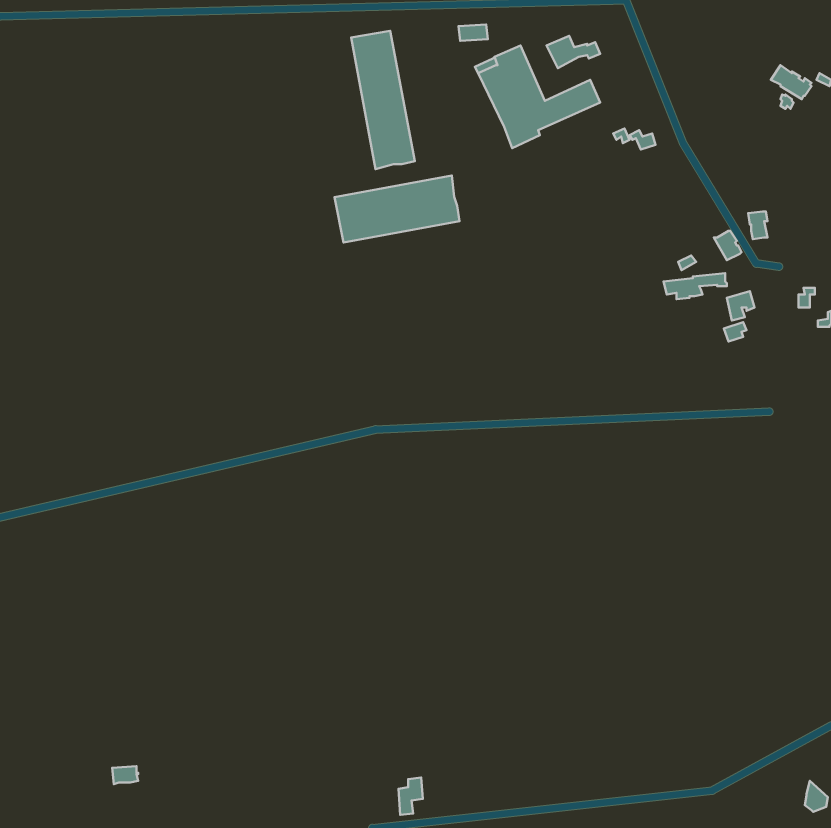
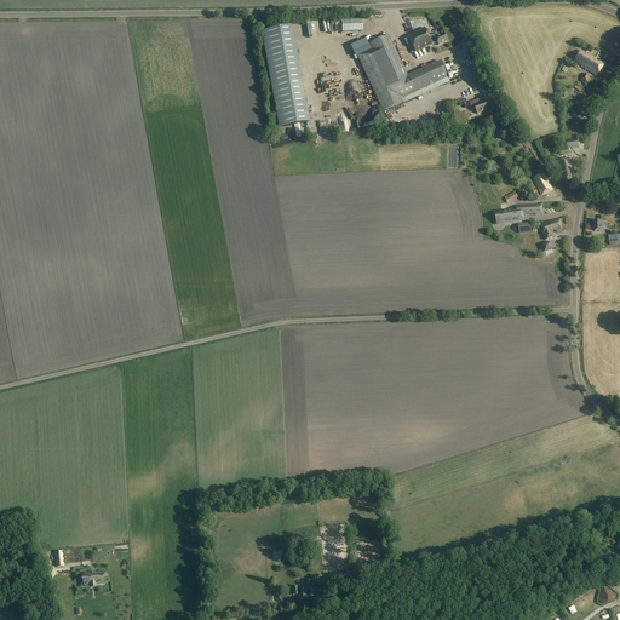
building: [335,175,459,242] -> none

